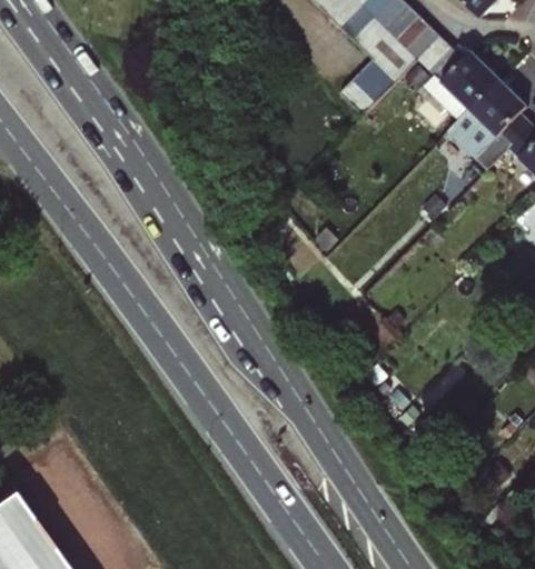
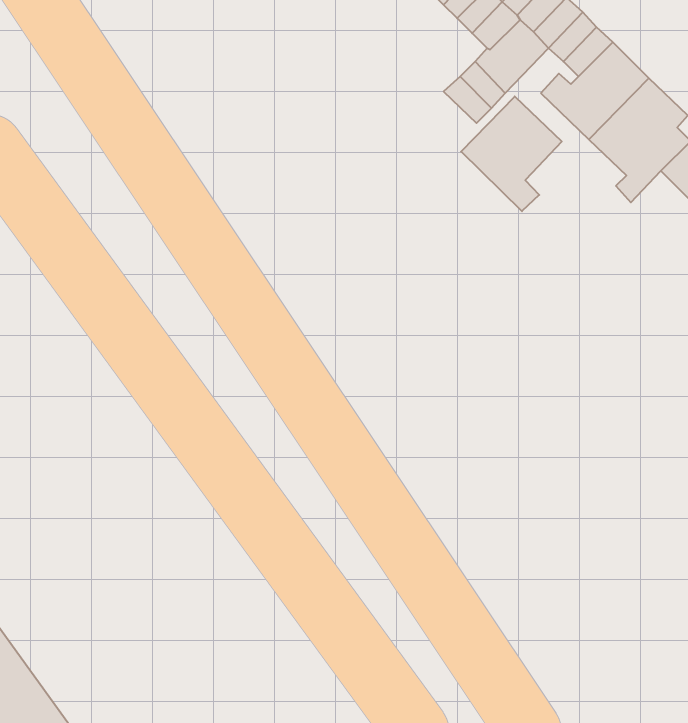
building: none -> [461,96,562,211]

